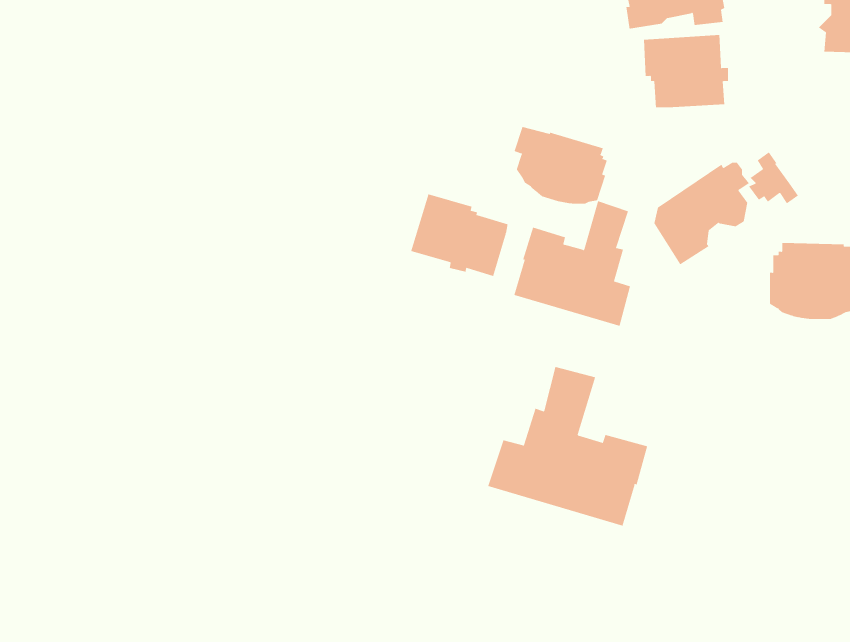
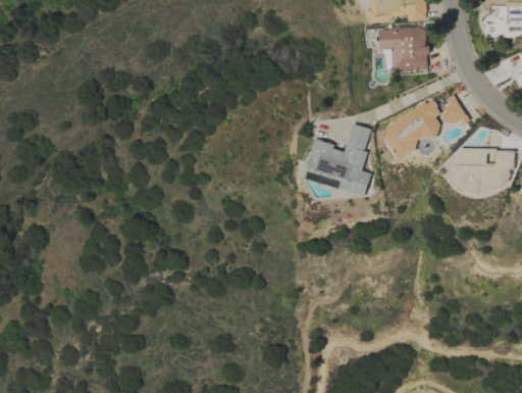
building: [514,126,607,204] -> none
building: [410,194,508,277] -> none
building: [487,366,648,526] -> none

